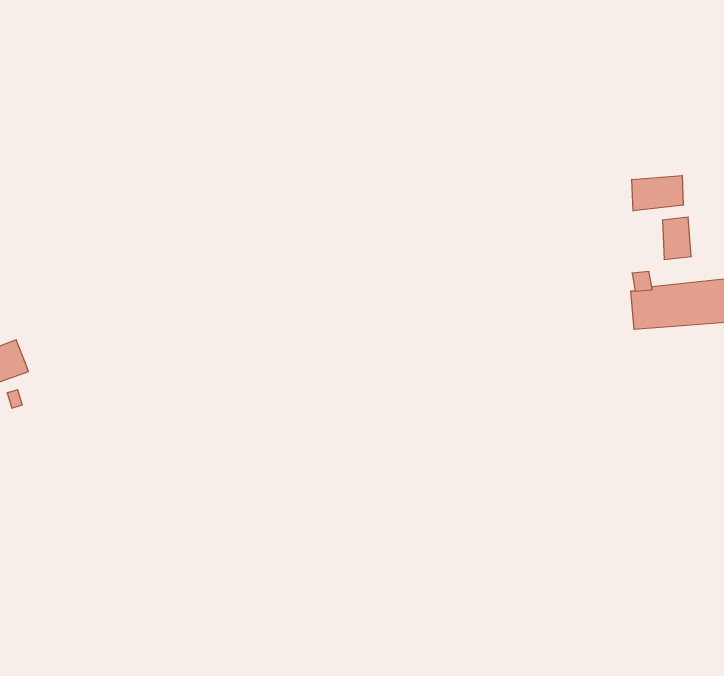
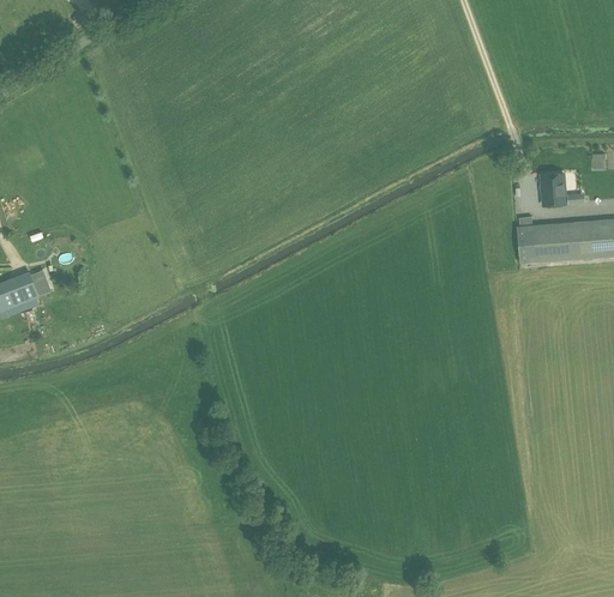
building: [632,175,683,211] -> none

